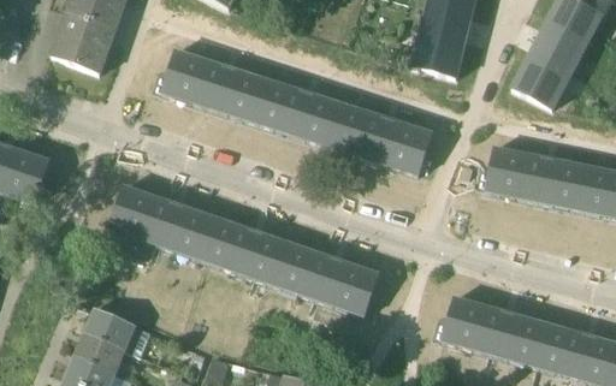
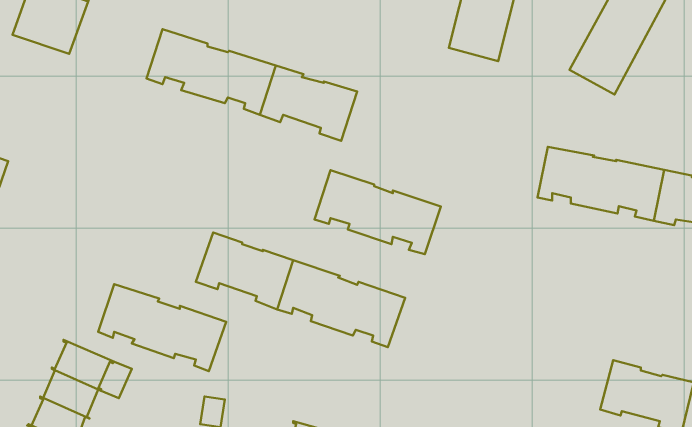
building: [324,102,428,172] -> [314,170,441,254]
building: [112,188,218,260] -> [98,284,226,371]
building: [444,298,549,366] -> none

